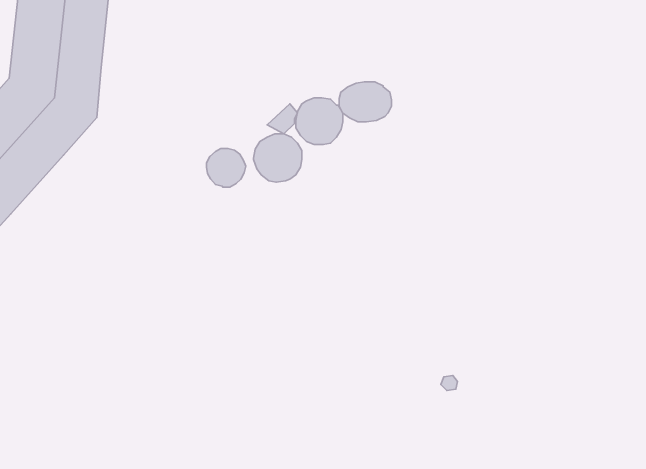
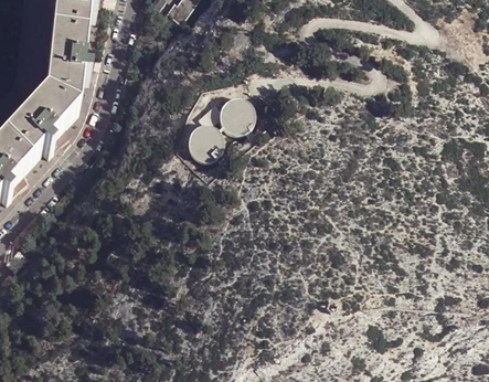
building: [339,82,392,122] -> none
building: [206,148,246,187] -> none

